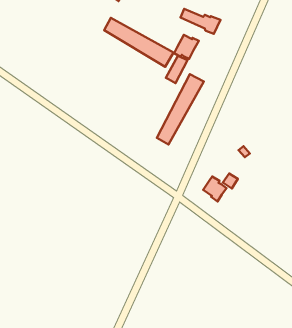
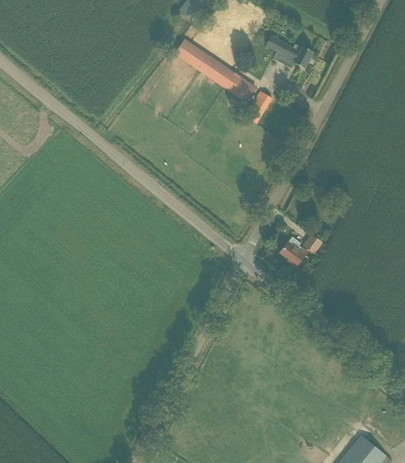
building: [174,35,199,59] -> none
building: [157,74,204,144] -> none

